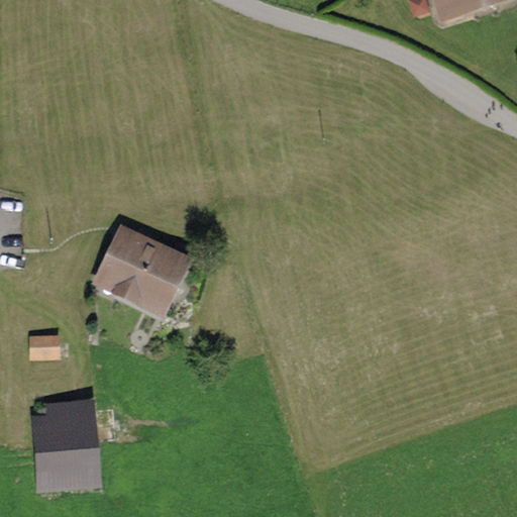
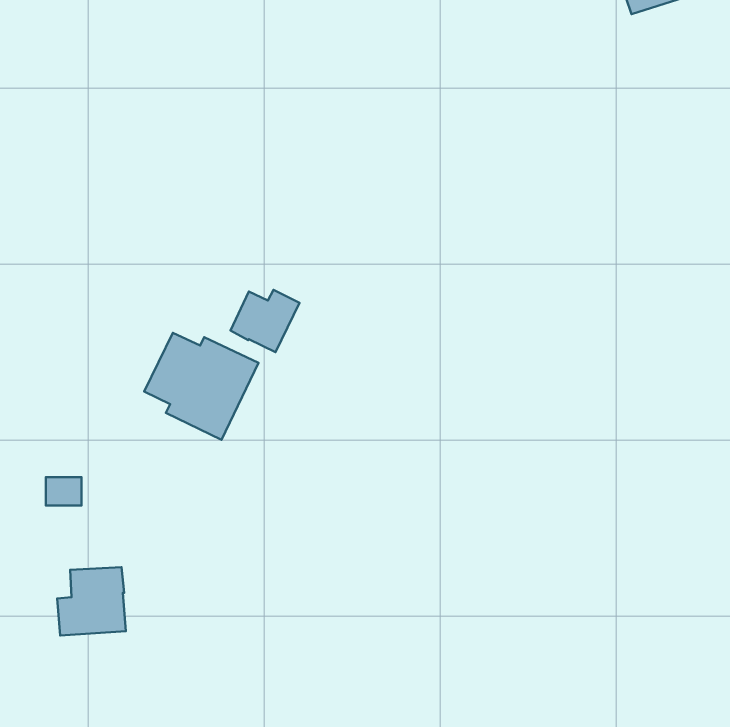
building: none -> [231,290,299,352]
building: [42,446,91,484] -> none

